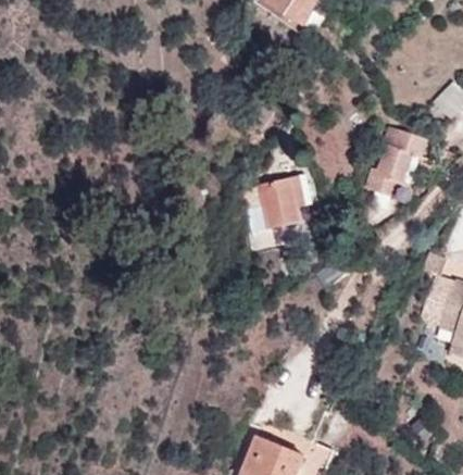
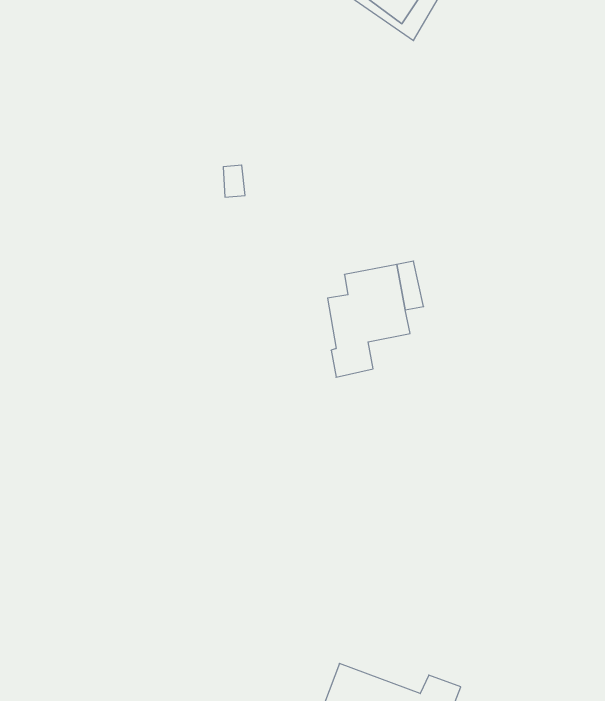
building: [364,127,420,193] -> none

